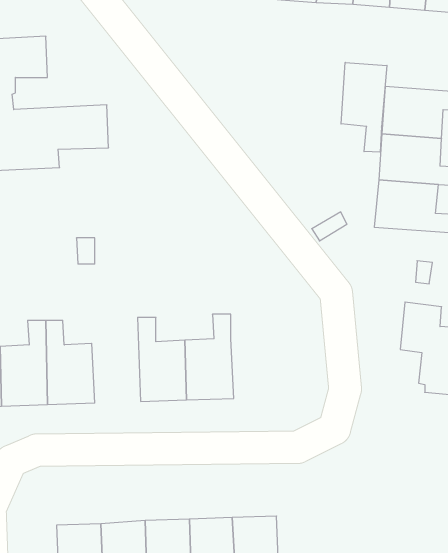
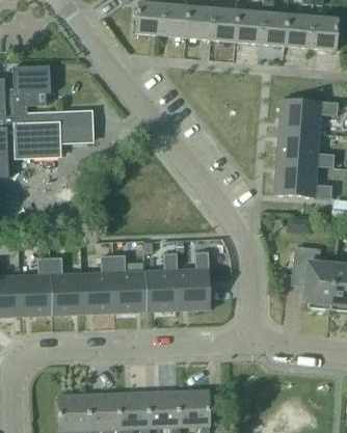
building: [341,62,387,152] -> none
building: none -> [176,252,210,310]
building: none -> [81,255,114,314]

